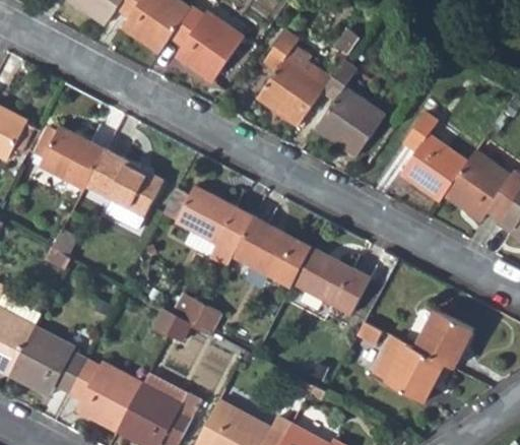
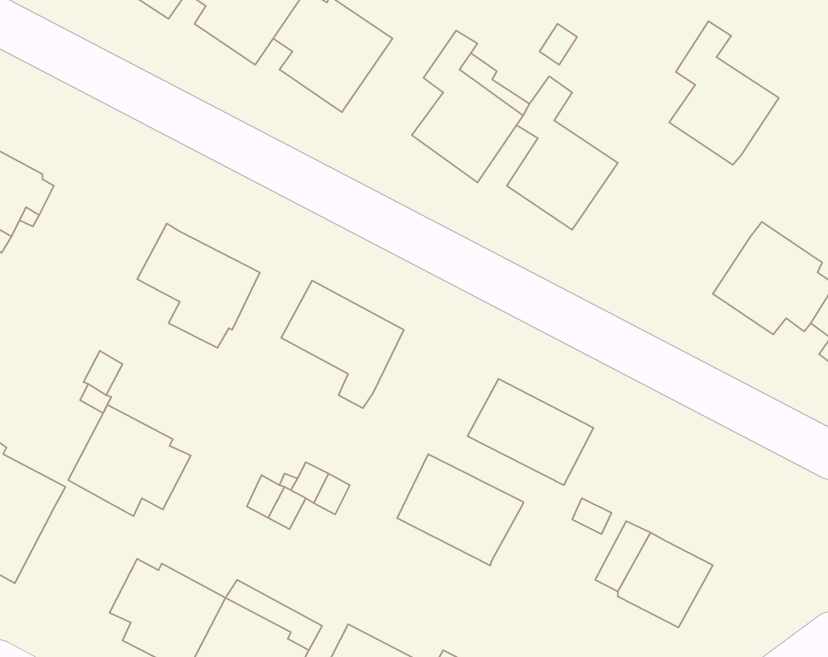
building: [399,111,467,200] -> [669,21,779,165]
building: [44,131,105,189] -> none
building: [233,216,311,285] -> [397,454,523,566]
building: [414,308,472,367] -> none
building: [10,327,86,396] -> [68,405,191,516]

